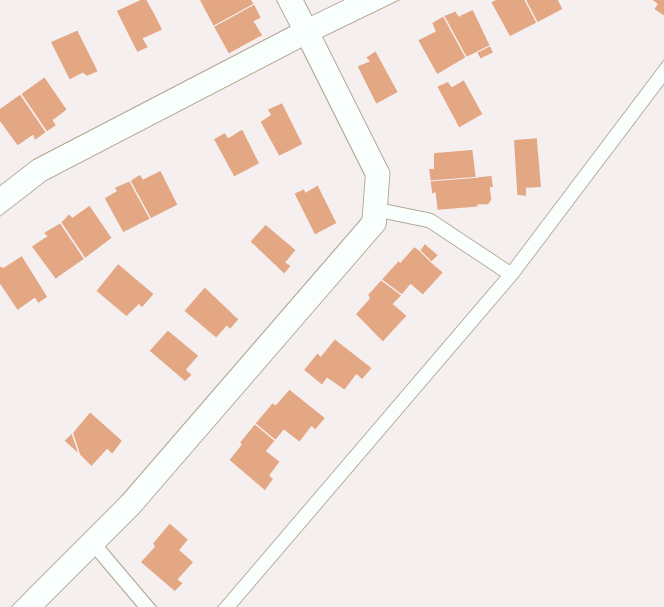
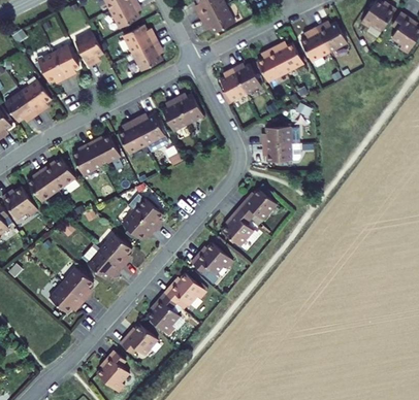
building: none -> [56,48,79,80]
building: [436,80,483,128] -> [233,64,261,93]
building: [513,138,541,197] -> none
building: none -> [120,121,149,153]
building: [294,185,337,235] -> [178,94,203,124]
building: [250,224,297,275] -> [131,198,159,228]
building: [95,263,154,317] -> [85,246,120,278]
building: none -> [63,270,92,300]
building: none -> [118,322,154,353]

